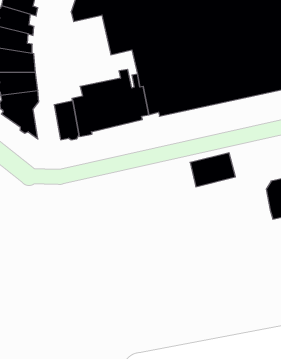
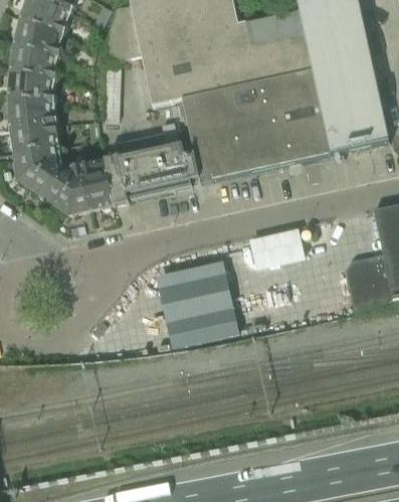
building: none -> [56,165,90,215]
building: none -> [155,269,236,350]

